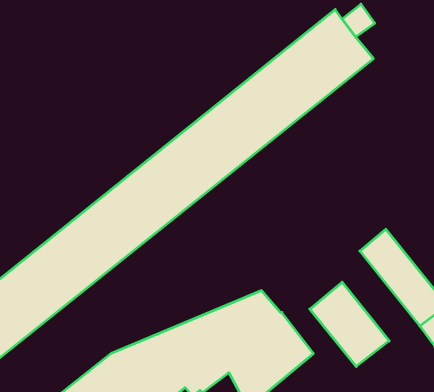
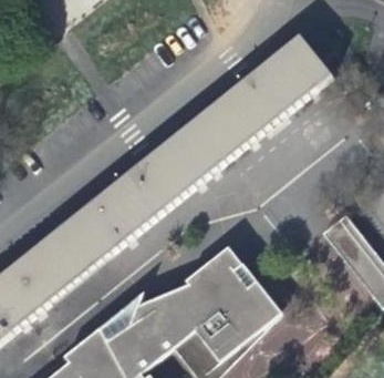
building: [310,282,389,367] -> none

